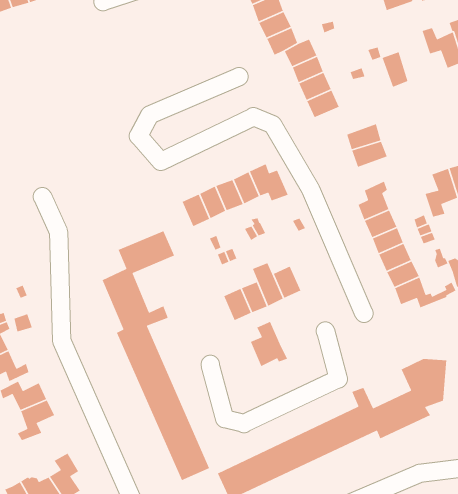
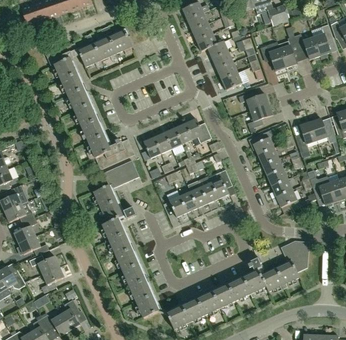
building: none -> [51,27,134,169]
building: none -> [277,35,298,67]
building: [250,321,288,367] -> [211,169,235,198]

